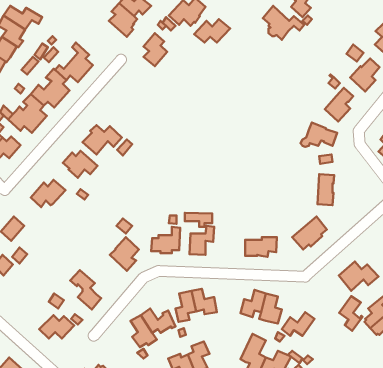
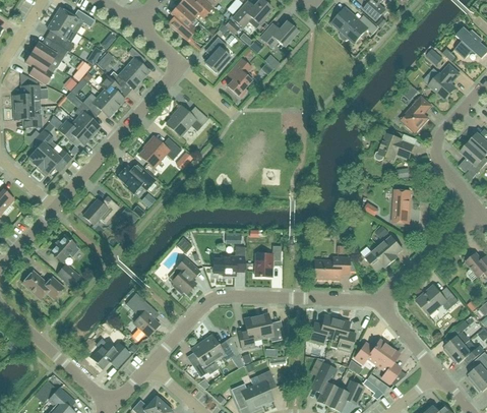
building: none -> [227,58,251,97]
building: none -> [166,105,207,136]
building: [339,296,363,331] -> [376,346,402,383]

